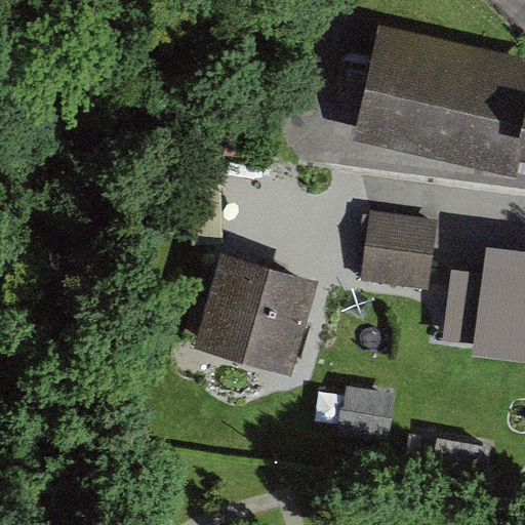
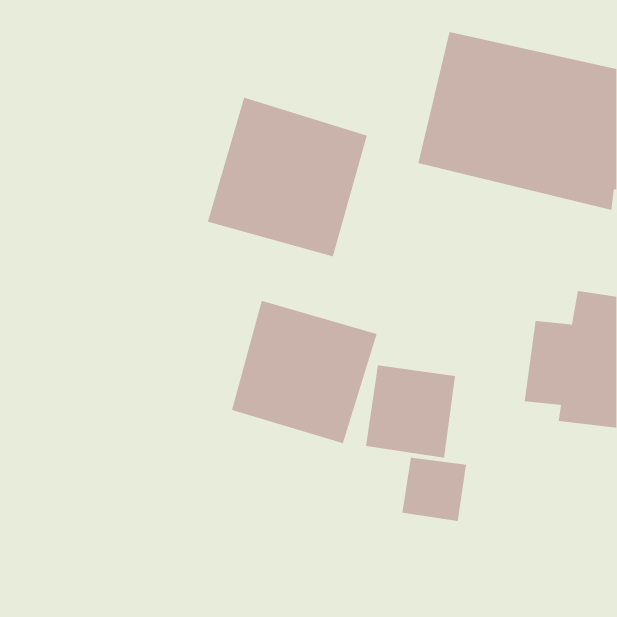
building: none -> [207,97,367,257]
building: [361,212,438,291] -> [365,365,456,458]

